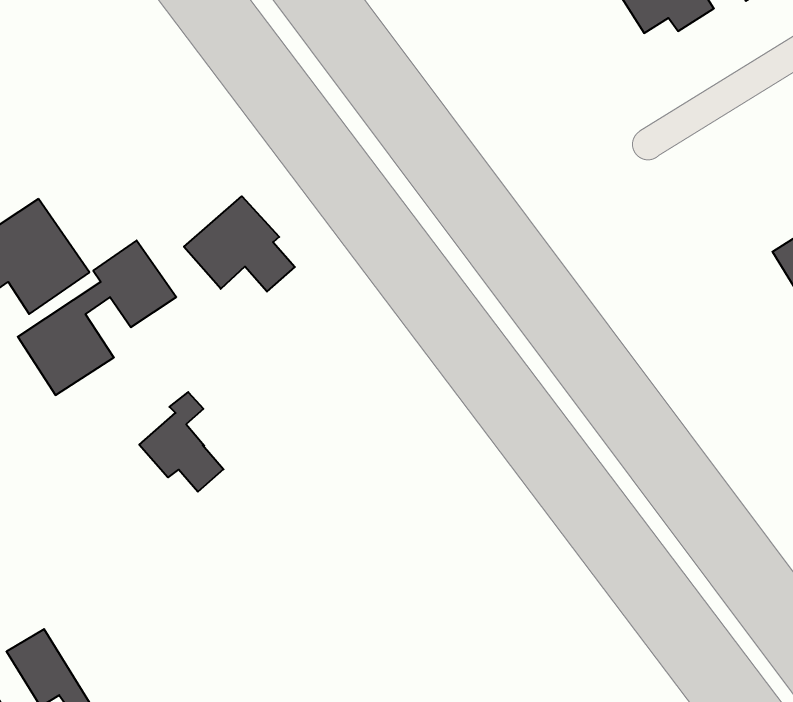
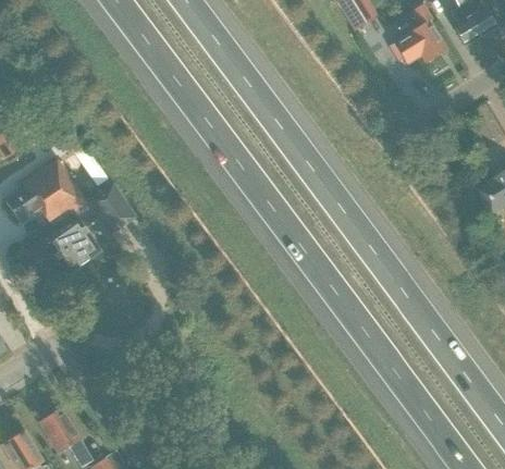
building: [184,196,295,292] -> none
building: [139,392,224,492] -> none

